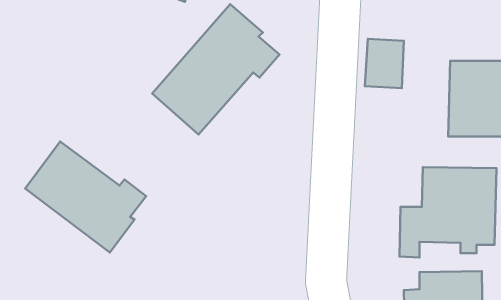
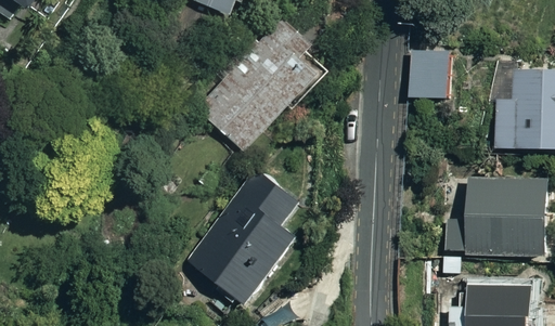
building: [25,141,146,252] -> none
building: none -> [186,167,315,304]

